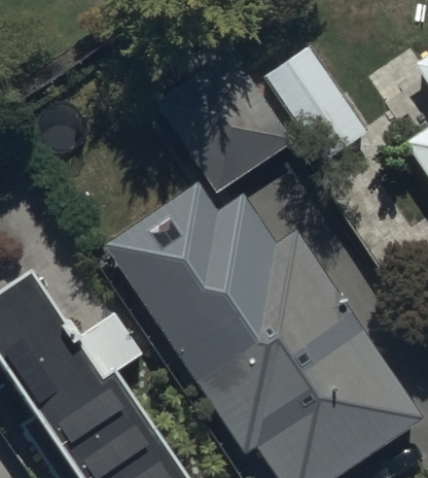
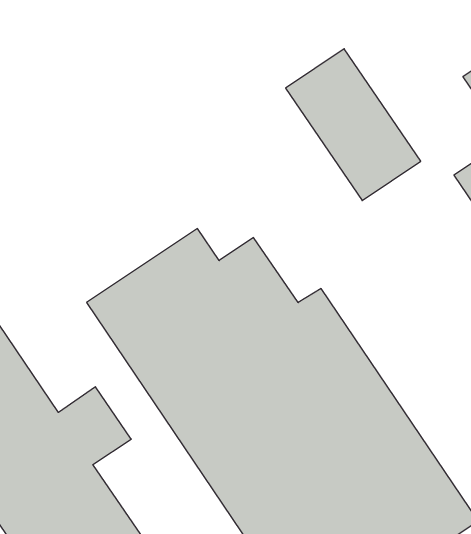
building: [157,52,289,189] -> none

